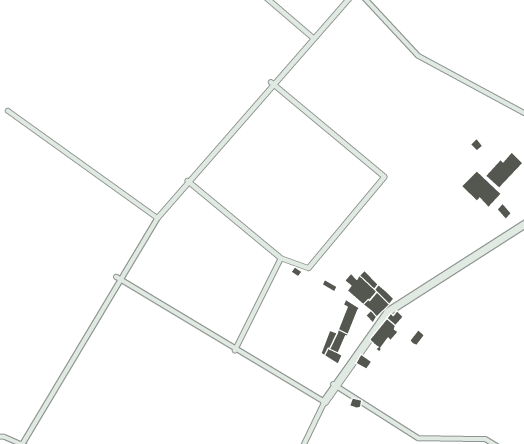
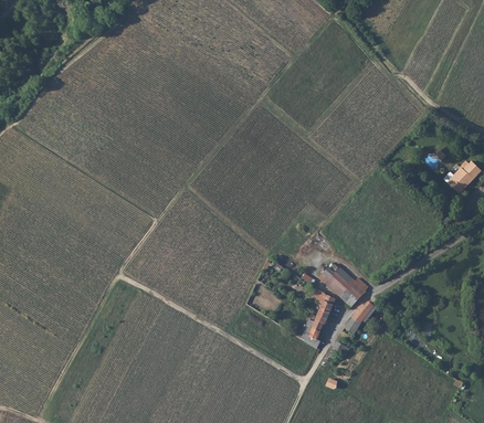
building: [462,171,501,208] -> none

